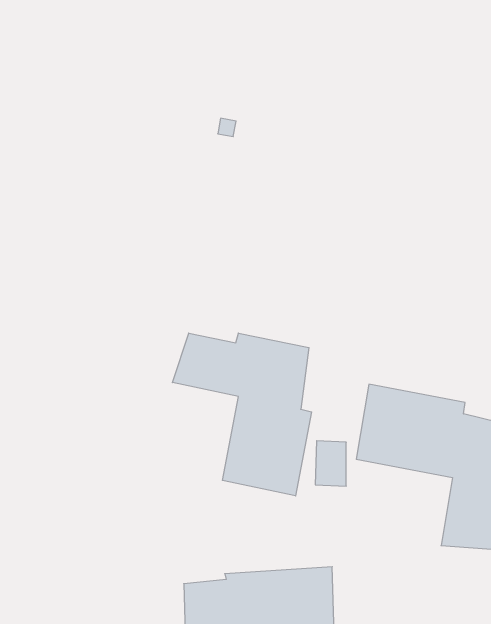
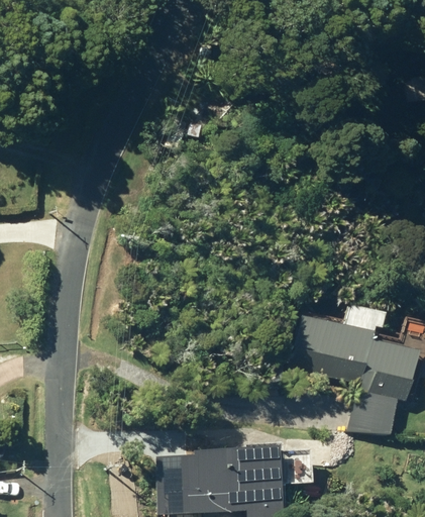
building: [172,333,312,496] -> none

